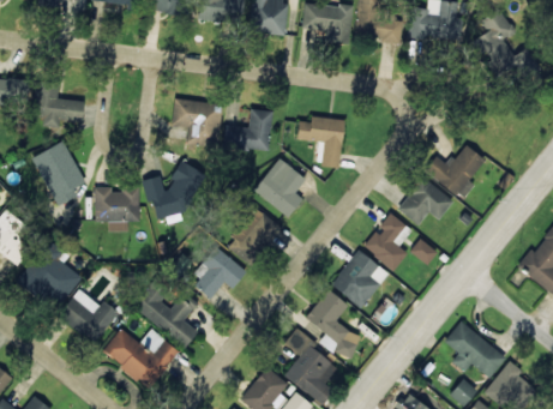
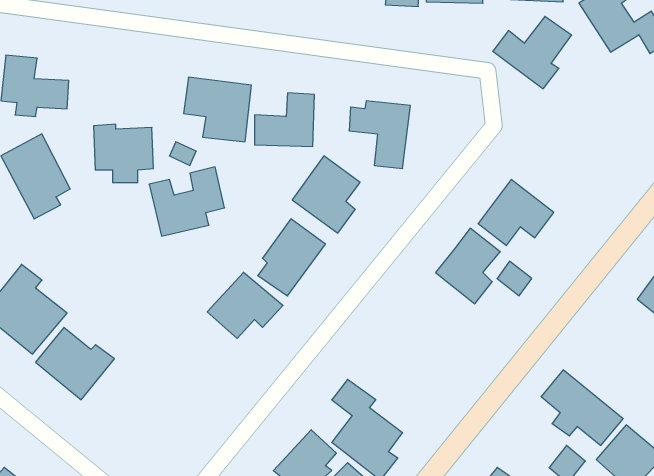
building: [425,145,485,200] -> [493,16,572,89]
building: [95,187,140,231] -> [94,124,153,183]
building: [331,251,389,308] -> none
building: [132,278,198,348] -> none
building: [305,290,361,360] -> none
building: [102,329,180,390] -> none

